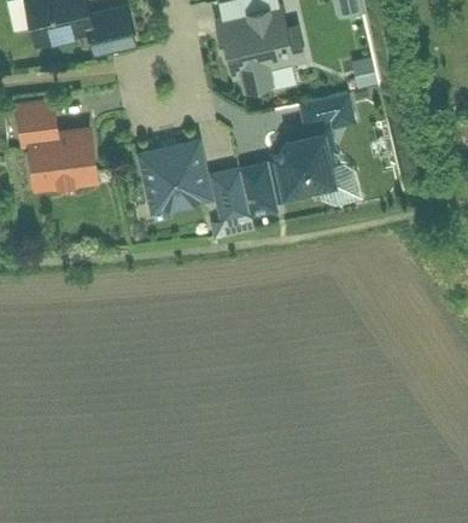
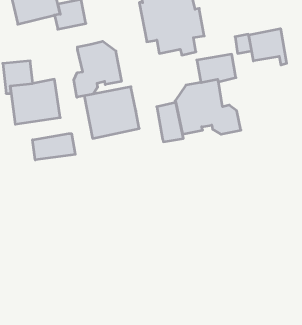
building: none -> [249,29,287,65]
building: none -> [74,41,121,97]
building: [207,168,246,221] -> none
building: none -> [33,134,75,160]

